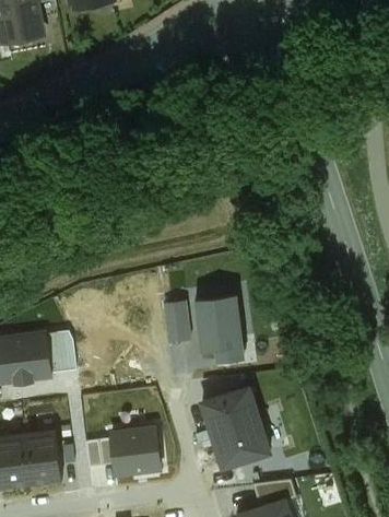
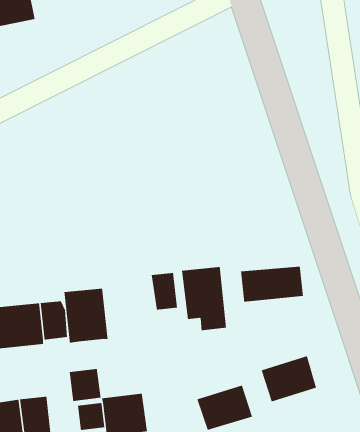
building: none -> [241,266,303,303]
building: none -> [64,288,108,344]
building: [200,386,259,435] -> [261,356,317,402]
building: none -> [69,368,101,402]

